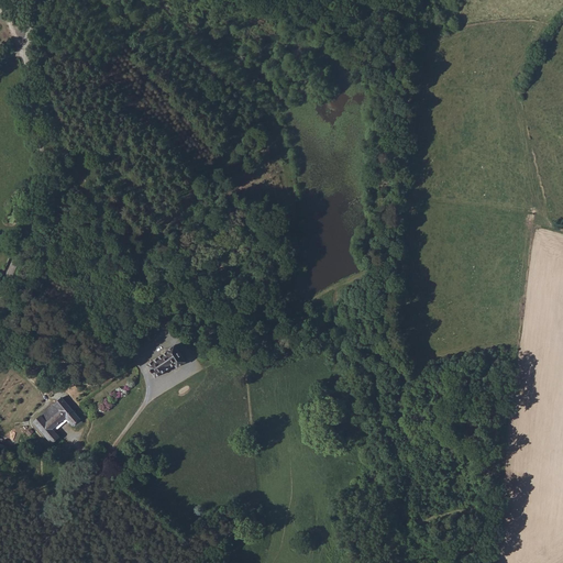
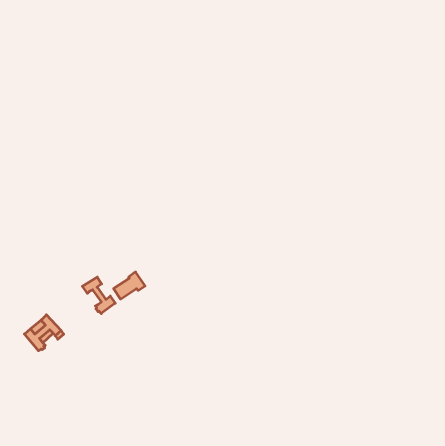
building: none -> [82,277,115,314]

